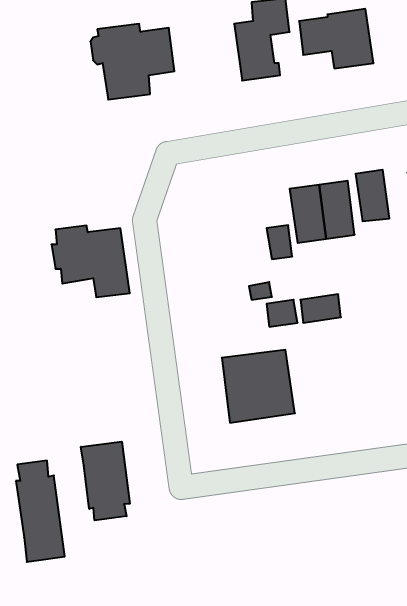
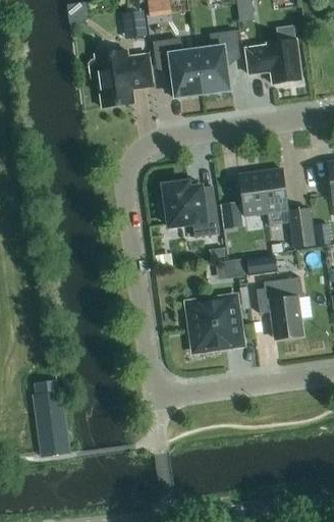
building: none -> [153,39,203,97]
building: [356,170,389,221] -> [288,208,314,247]
building: [51,226,130,297] -> [161,182,220,237]
building: none -> [257,276,302,338]
building: [81,442,130,520] -> none

